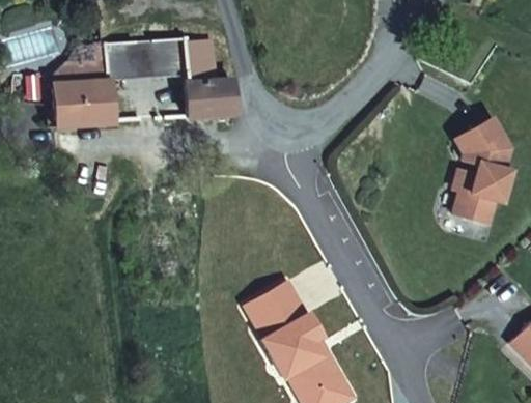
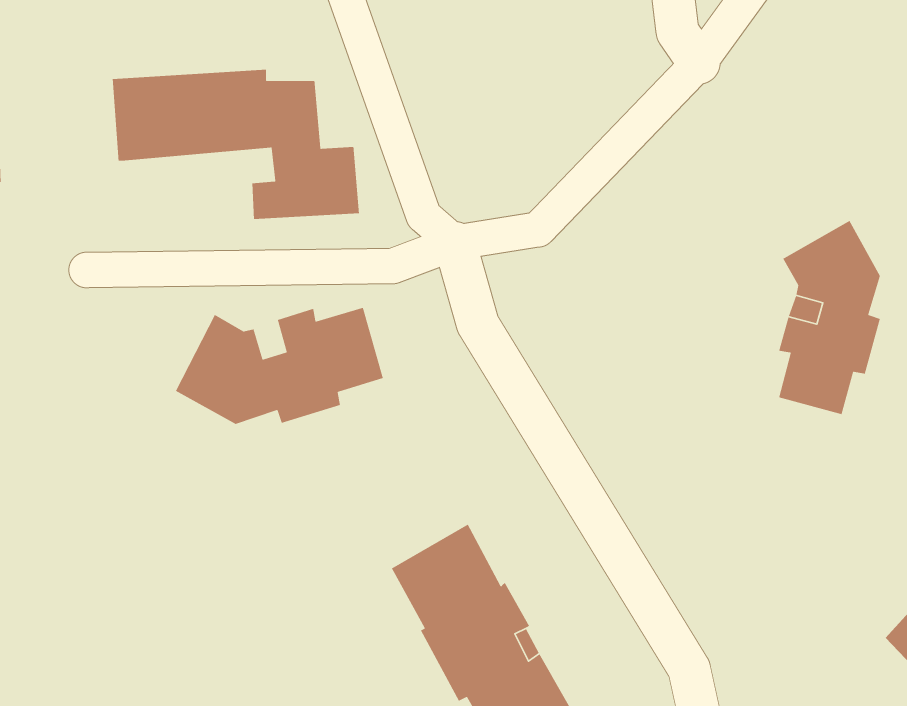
building: [50,41,107,125] -> none
building: none -> [175,307,384,425]

